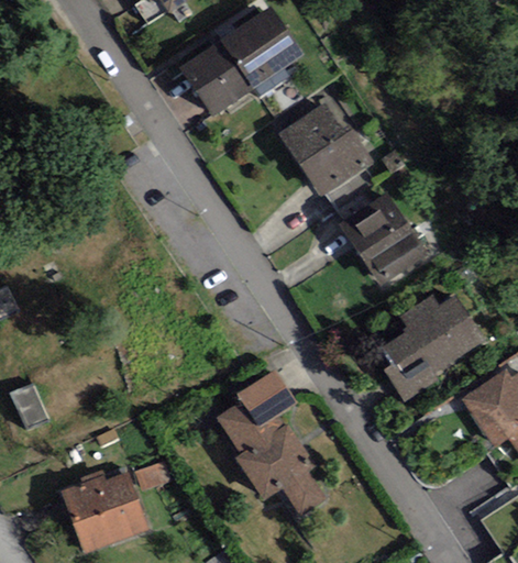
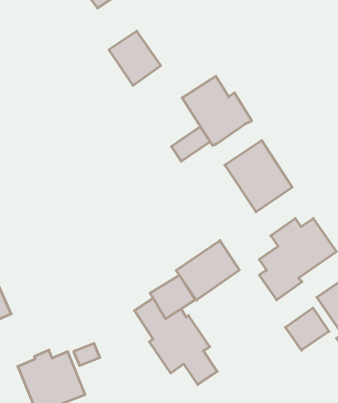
building: [219,7,305,96] -> none
building: [326,167,377,213] -> [171,127,210,161]
building: none -> [176,240,239,300]
building: none -> [285,308,329,350]

